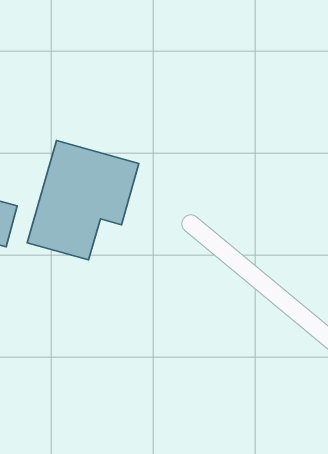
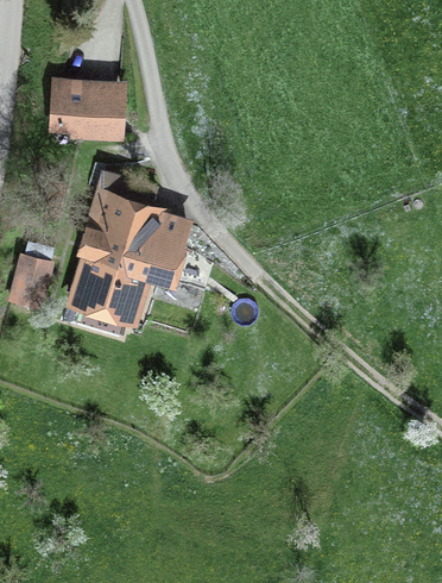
building: none -> [50,76,124,142]

